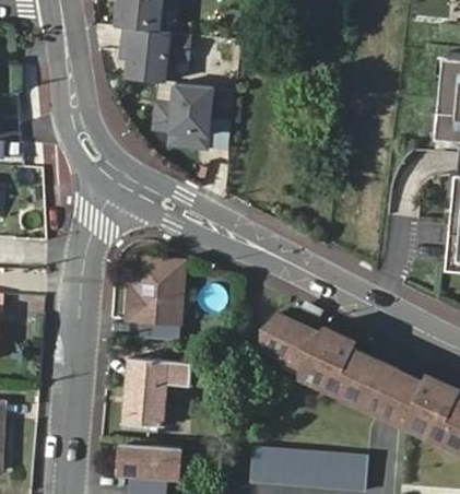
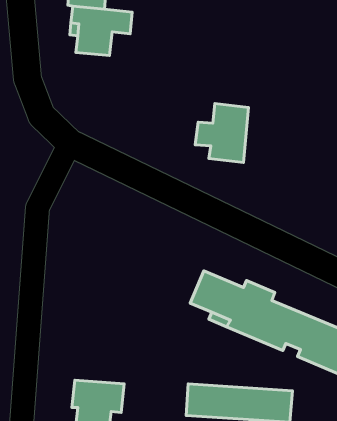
building: [154,83,213,149] -> [195,104,248,163]
building: [128,258,188,339] -> none
building: [123,358,193,426] -> none

